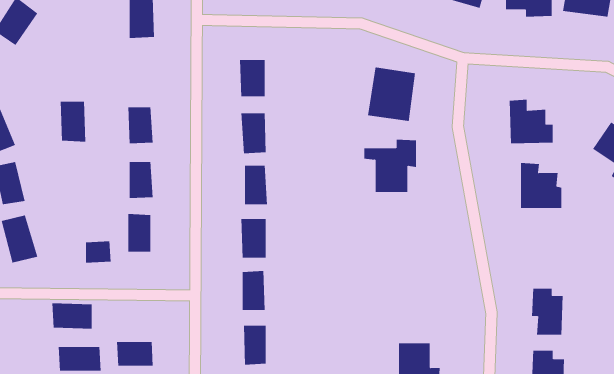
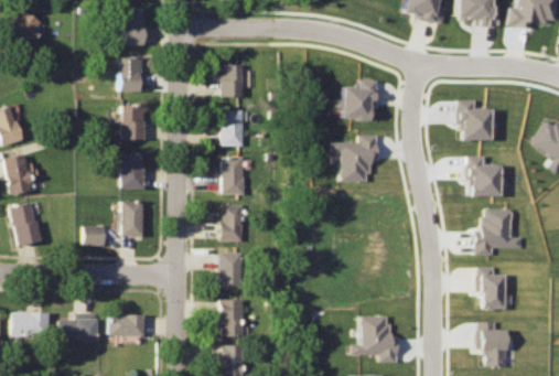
building: [60,101,86,142] -> [120,58,143,95]
building: none -> [479,210,526,256]
building: [51,303,92,329] -> [13,313,50,336]

